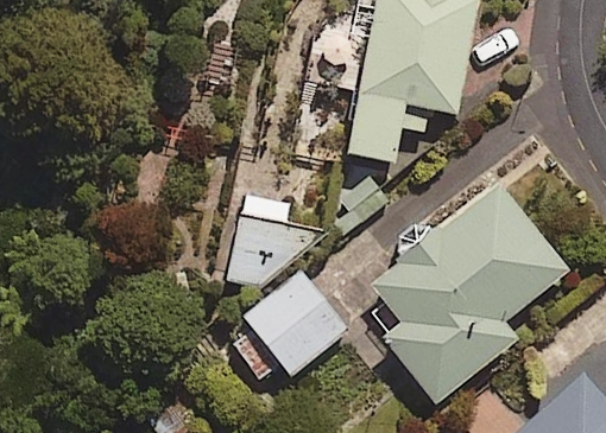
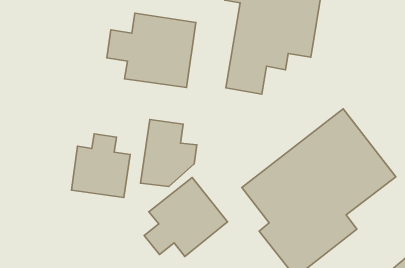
building: none -> [107,13,196,87]
building: none -> [72,134,130,198]

